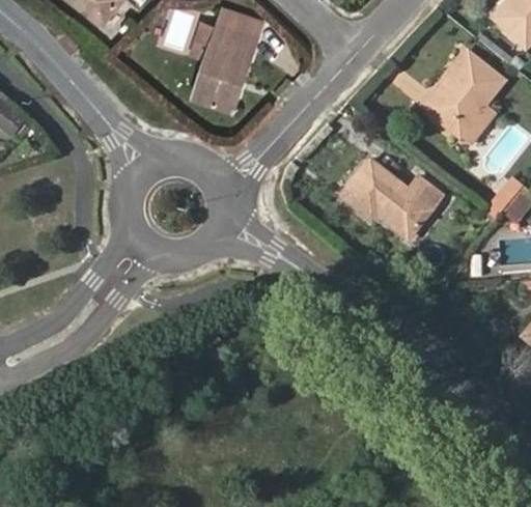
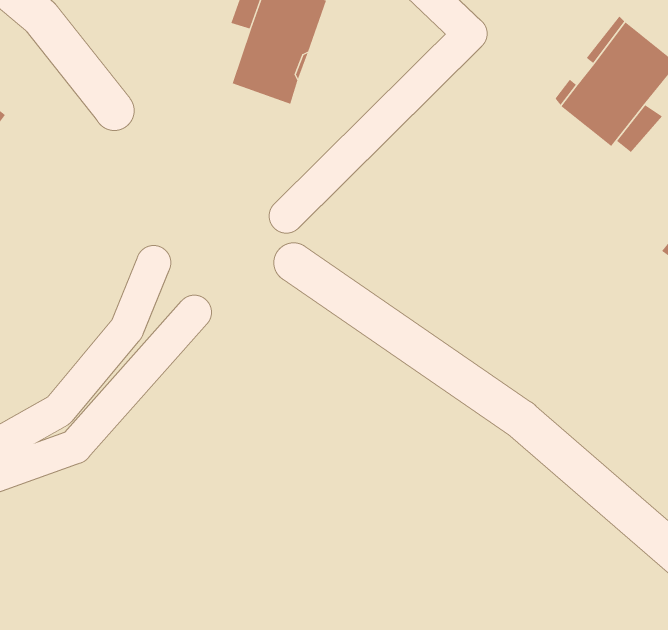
building: [339,160,442,238] -> none

